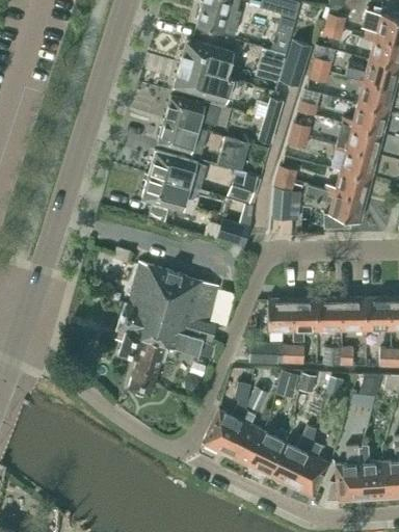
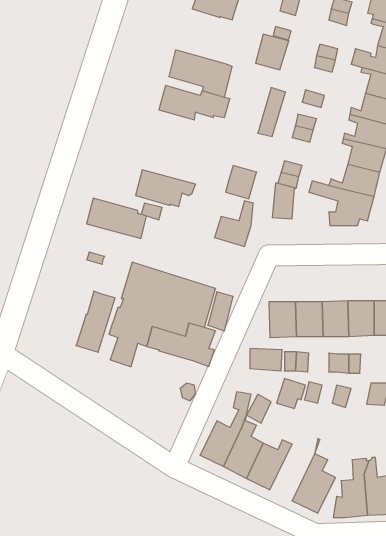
building: [180,38,235,76] -> none
building: [280,41,311,87] -> none
building: [157,118,208,155] -> none
building: [217,135,249,170] -> none
building: [149,151,205,188] -> [87,198,147,238]
building: [128,337,164,394] -> [76,291,115,352]
building: [268,423,313,484] -> none

